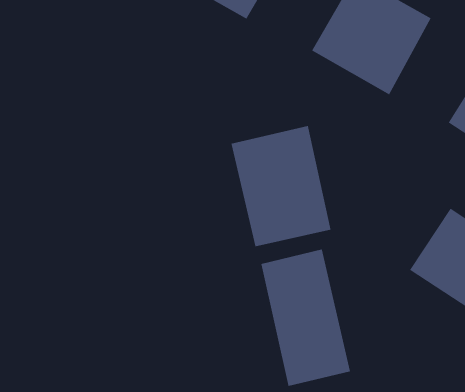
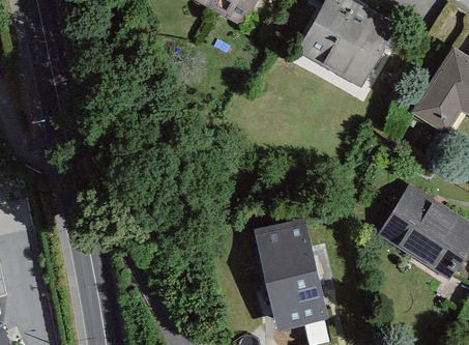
building: [231,125,331,247] -> none

